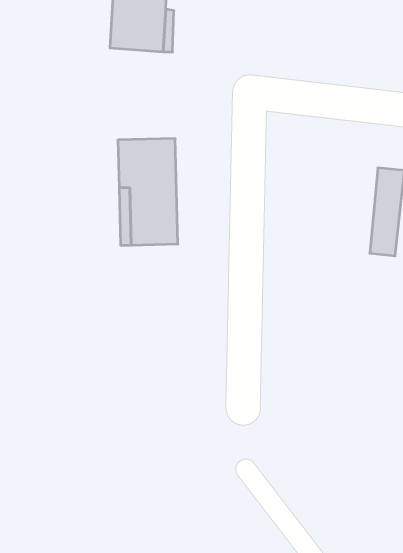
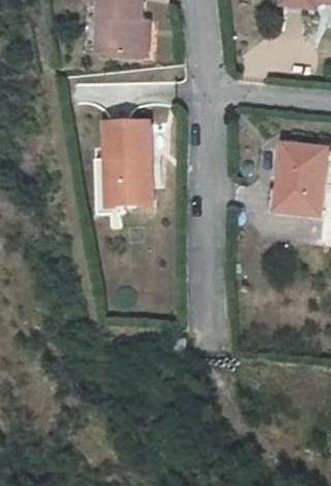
building: none -> [274,144,305,213]

